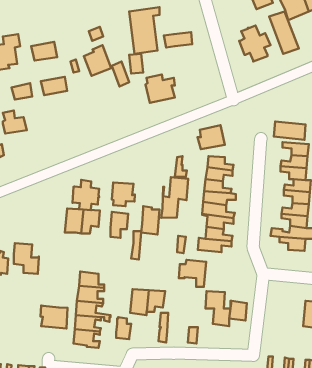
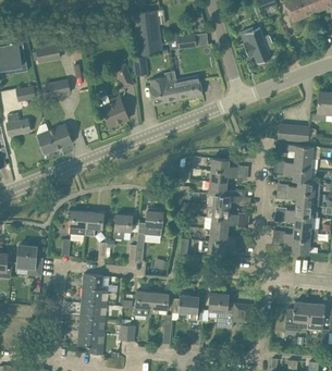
building: [269,11,299,54] -> none
building: [84,45,111,76] -> [101,96,128,126]
building: none -> [37,122,70,152]
building: [198,125,225,149] -> [175,75,202,99]
building: [161,177,188,218] -> none
building: [72,180,99,210] -> none
building: [112,183,135,206] -> none
building: [179,260,206,287] -> [172,294,199,321]
building: none -> [285,301,309,330]
building: [41,306,68,328] -> none

